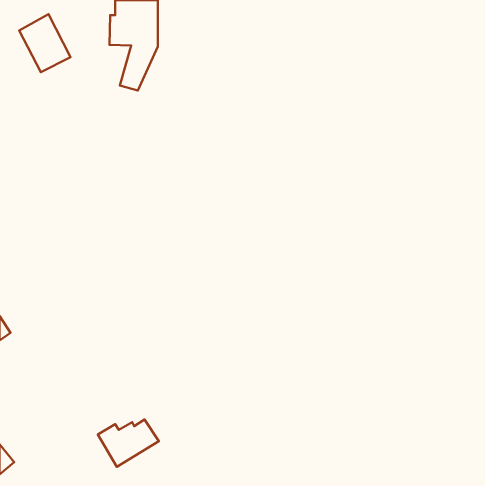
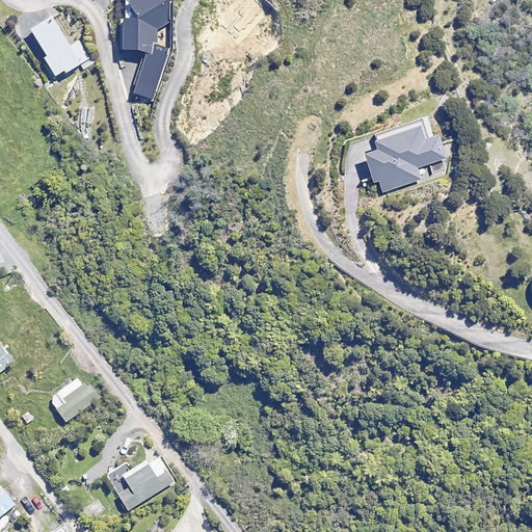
building: none -> [364,119,447,192]
building: none -> [48,378,99,422]

